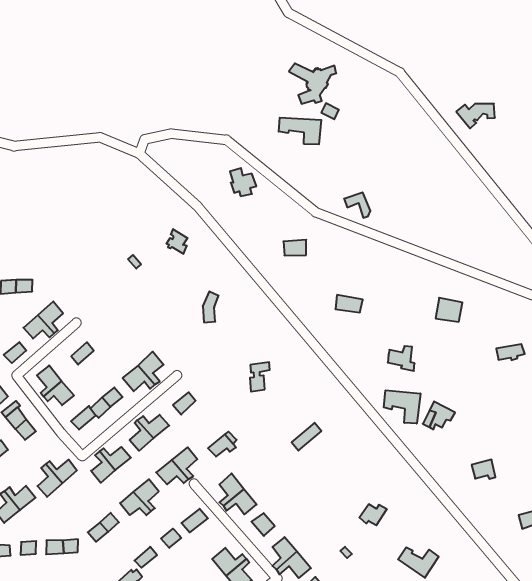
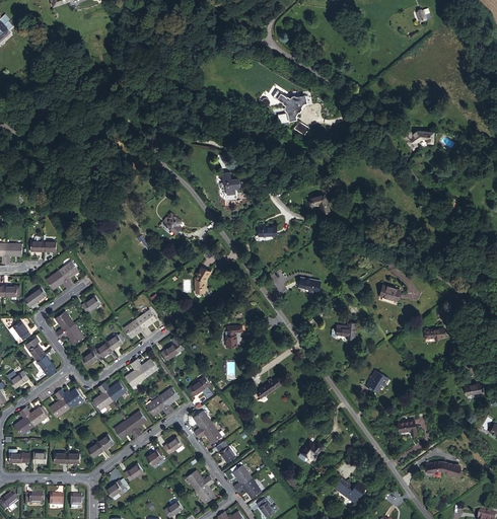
building: [279,118,321,144] -> none
building: [384,390,420,424] -> none

